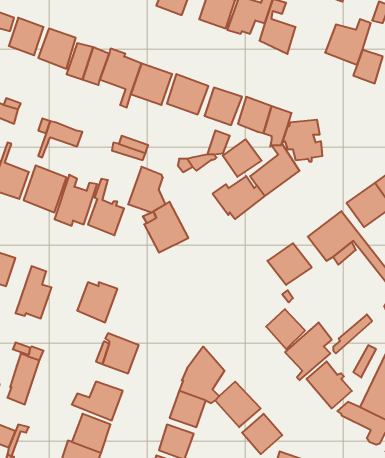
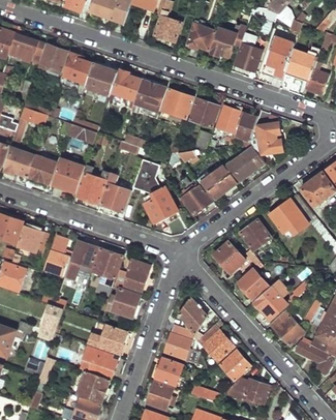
building: none -> [261,36,294,80]
building: [223,139,262,177] -> [181,185,211,214]
building: none -> [64,241,97,279]
building: none -> [212,241,244,273]
building: none -> [114,259,150,294]

